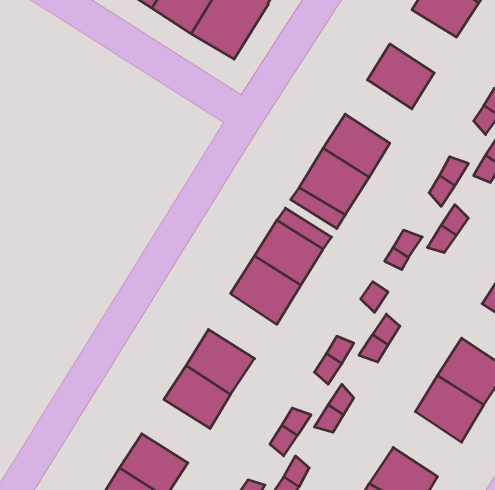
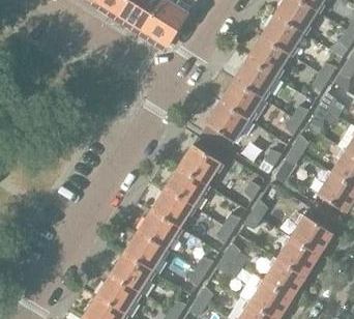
building: none -> [261,17,301,55]
building: none -> [234,59,274,97]
building: none -> [151,189,193,228]
building: none -> [111,253,152,291]
building: none -> [263,260,304,299]

